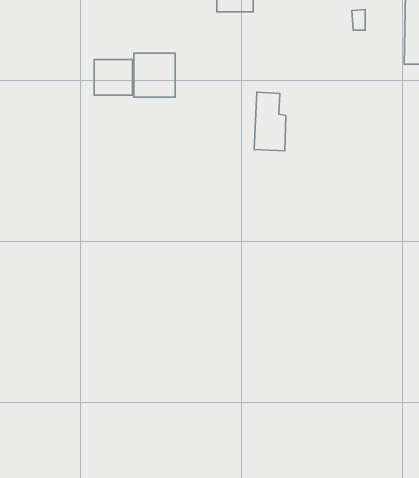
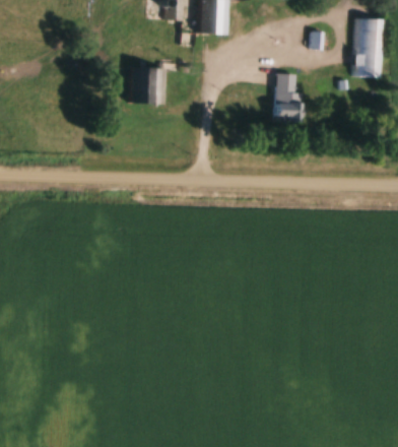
building: [94,59,132,95] -> none
building: [254,92,286,151] -> [274,73,301,122]

